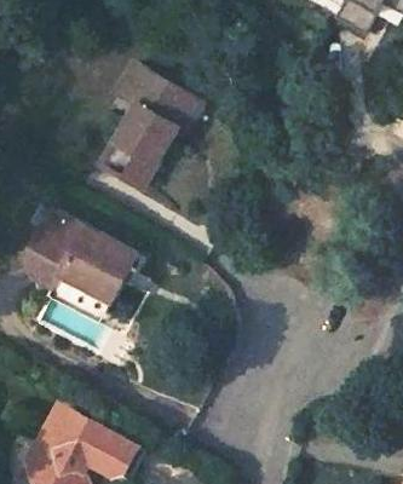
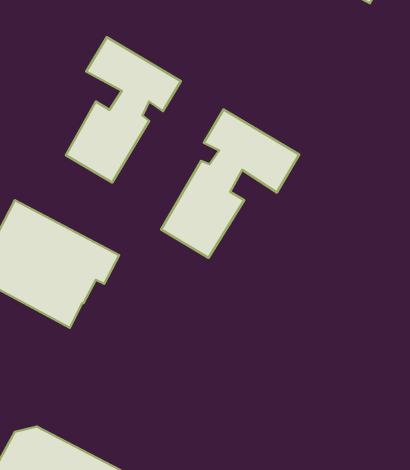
building: none -> [161,110,299,258]

